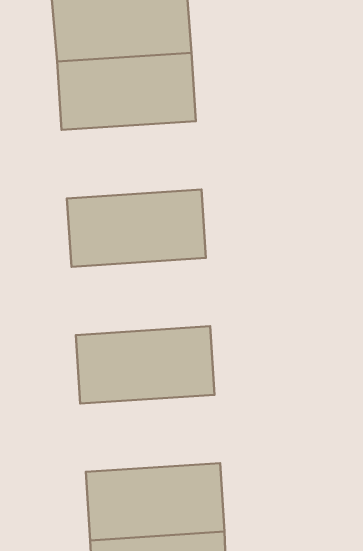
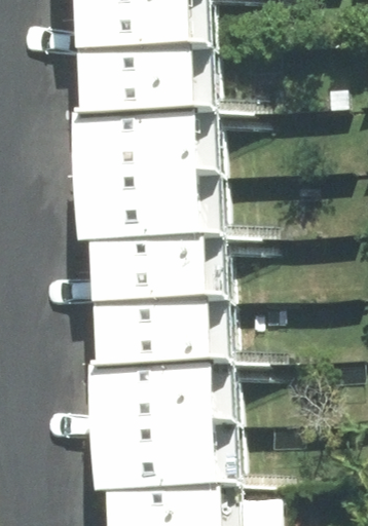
building: none -> [85,117,216,189]
building: none -> [95,245,224,316]
building: none -> [103,372,233,444]

